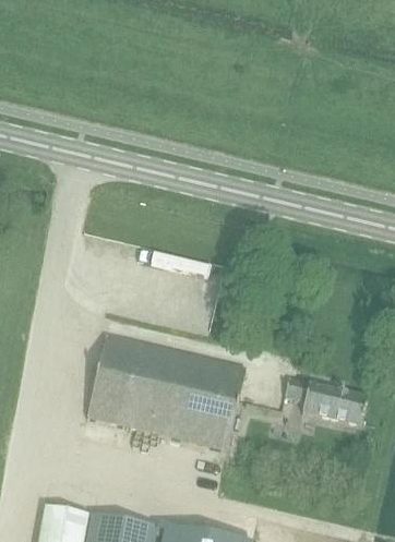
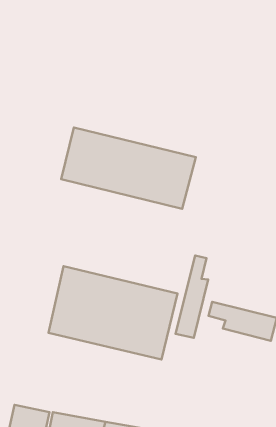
building: none -> [61,128,196,209]
building: none -> [175,255,208,338]

